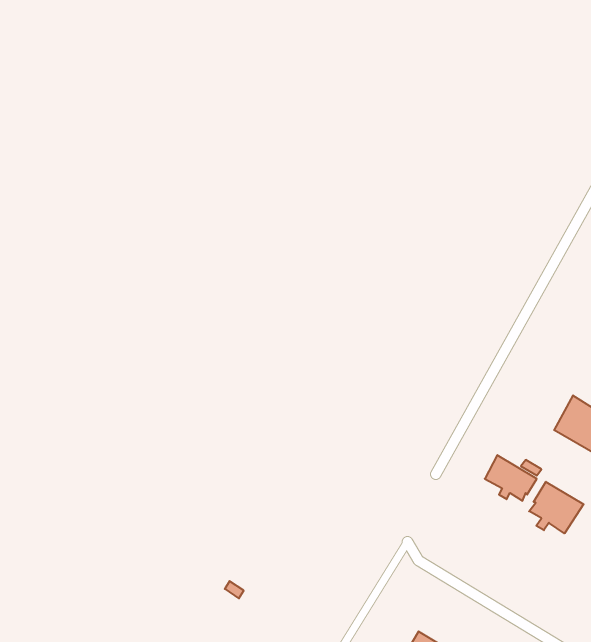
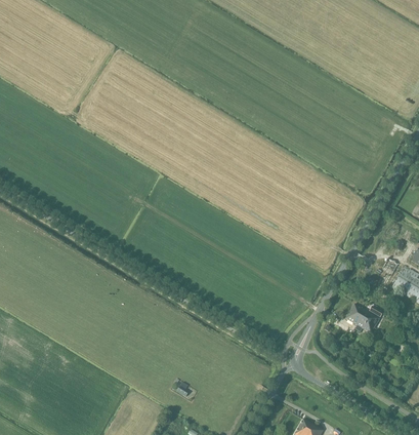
building: [529,482,584,533] -> none

